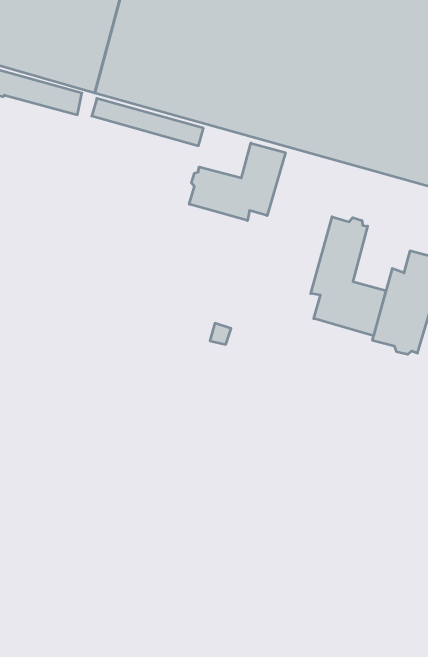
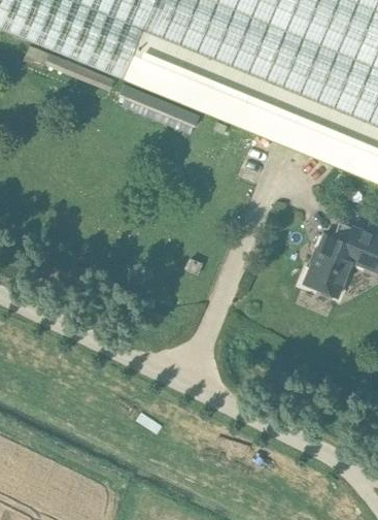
building: [189,143,285,221] -> none
building: [311,217,386,336] -> none

